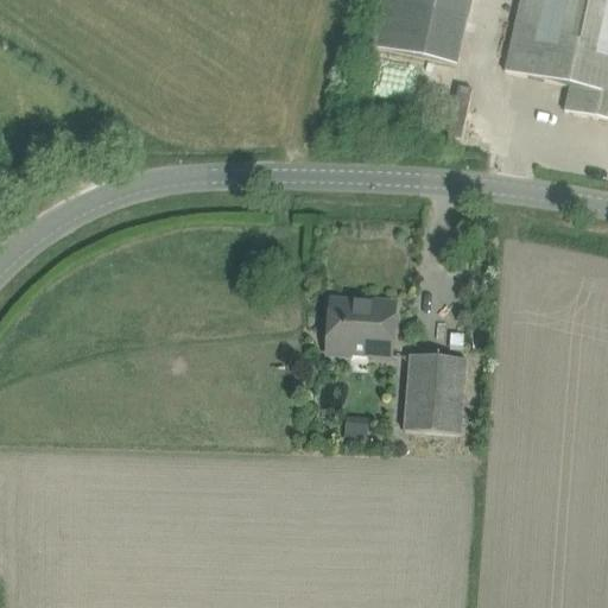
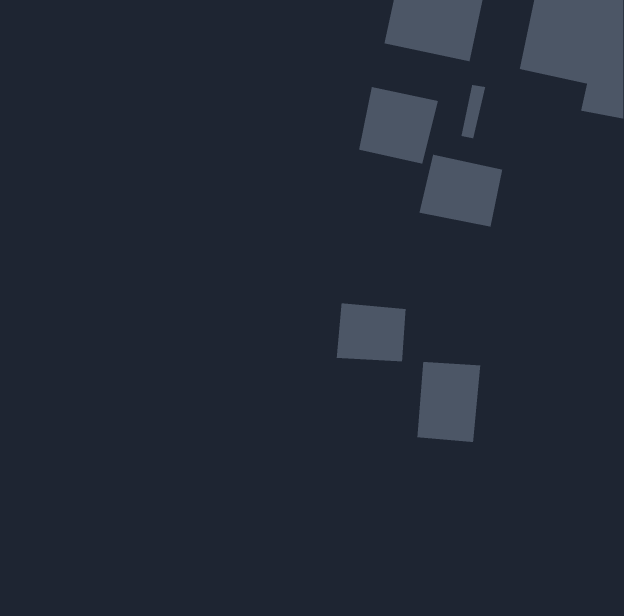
building: none -> [358,86,439,165]
building: none -> [419,154,503,228]

